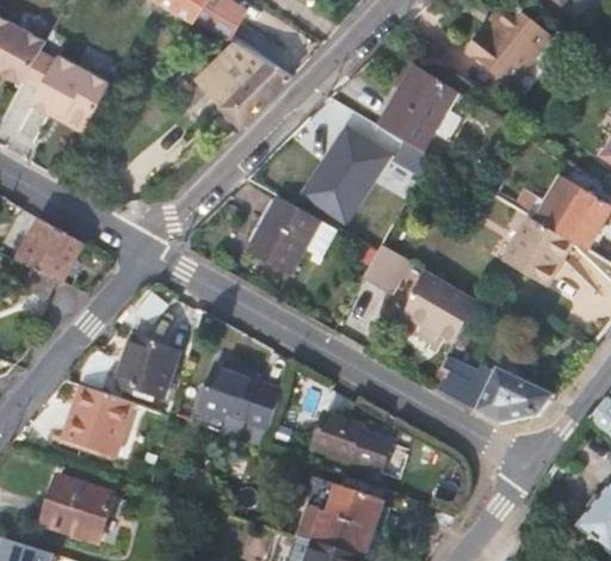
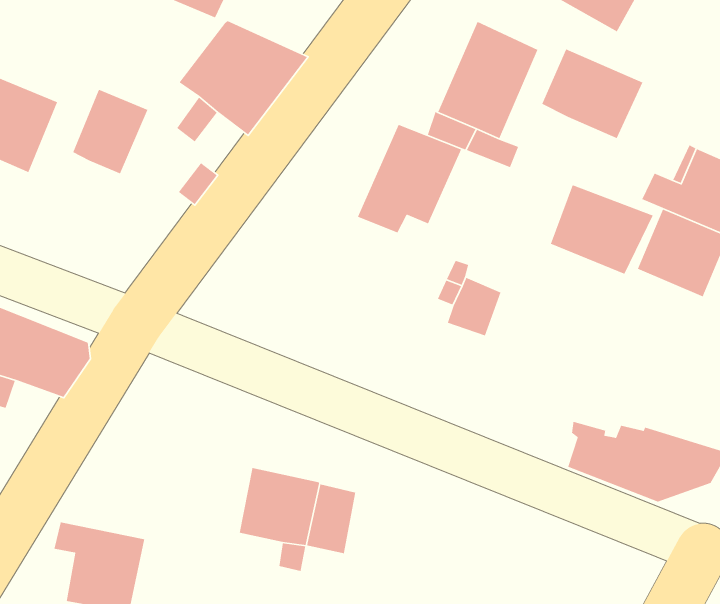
building: none -> [72,89,148,174]
building: none -> [541,48,644,139]
building: [247,195,337,275] -> none
building: [401,271,477,340] -> [550,184,654,275]
building: [113,333,175,394] -> none
building: [311,412,385,469] -> none

